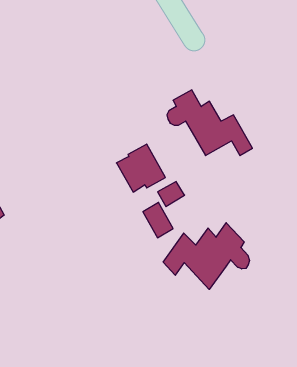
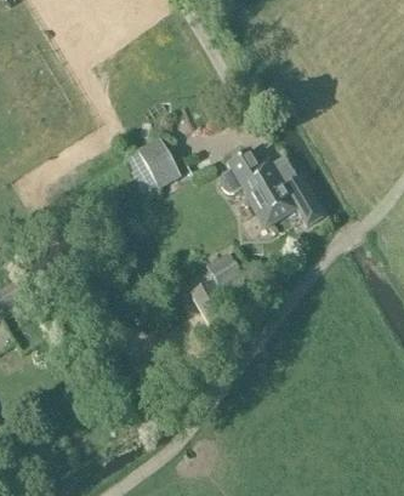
building: [116,144,165,192] -> [124,137,181,193]
building: [163,223,250,289] -> none

